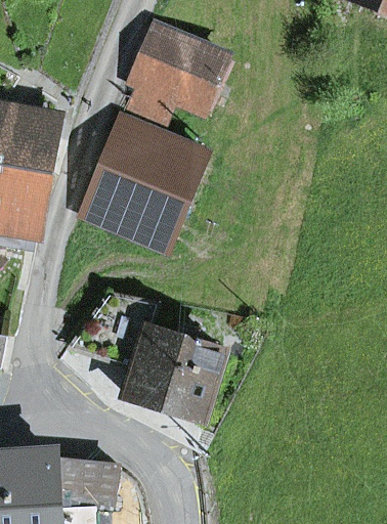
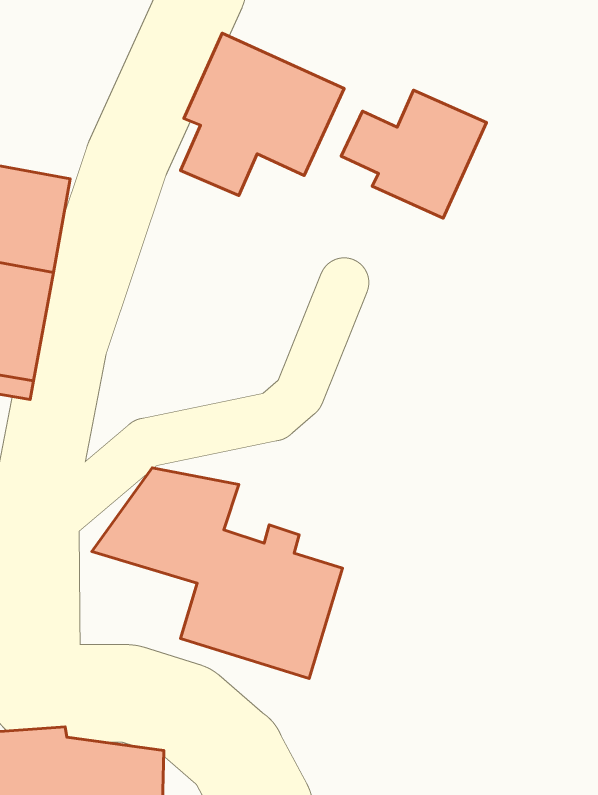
building: none -> [341,90,486,218]
building: [82,119,204,247] -> none

